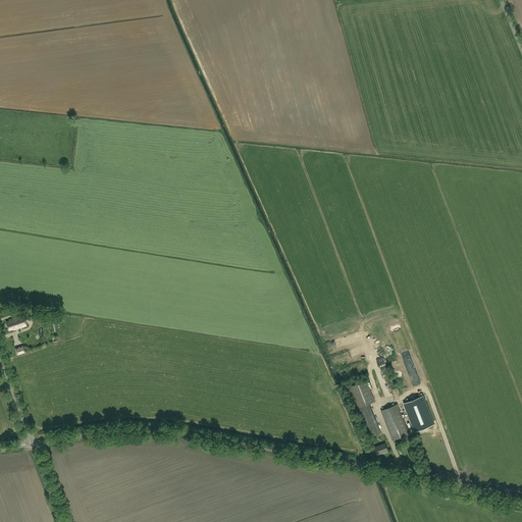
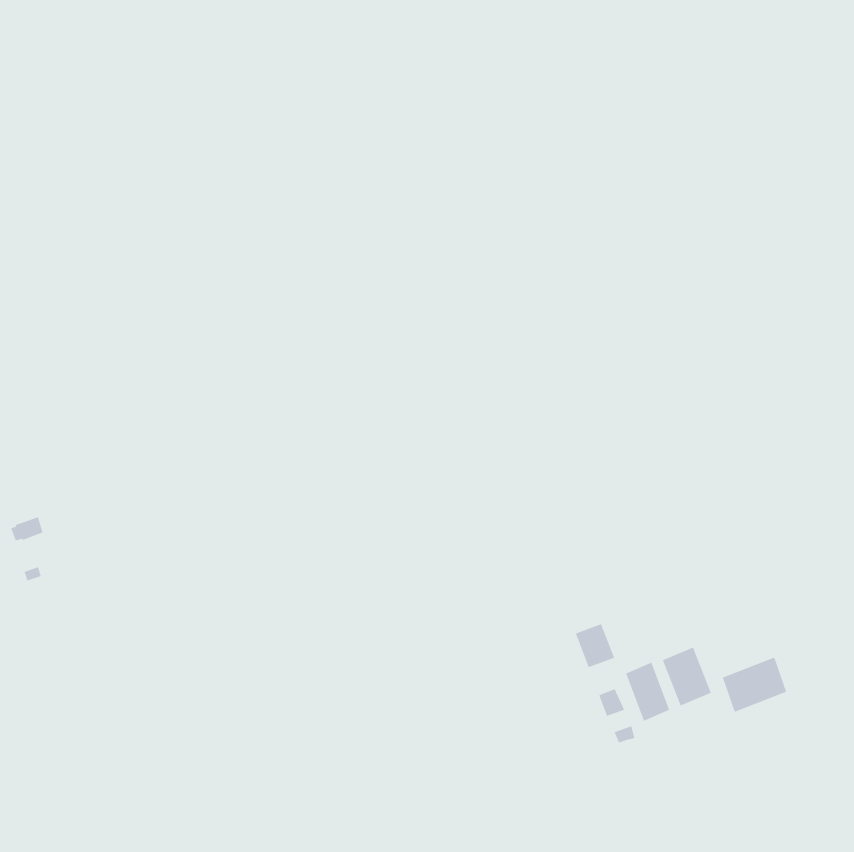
building: none -> [722,657,787,713]

